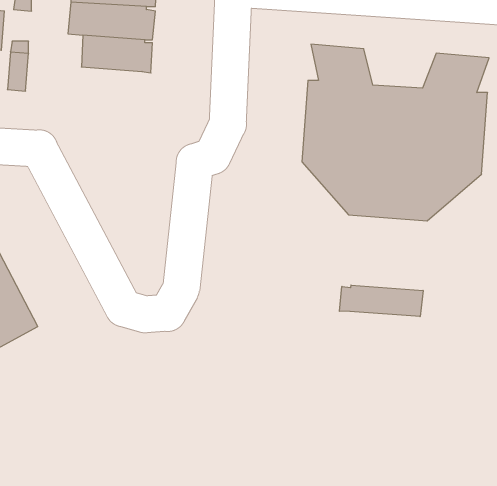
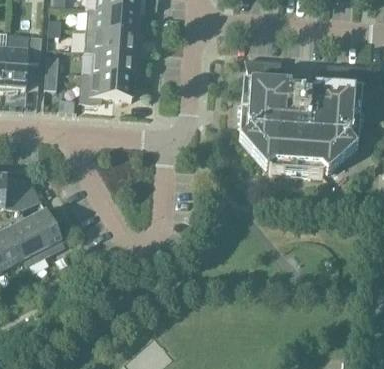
building: none -> [78,73,132,103]
building: [339,285,423,317] -> none

